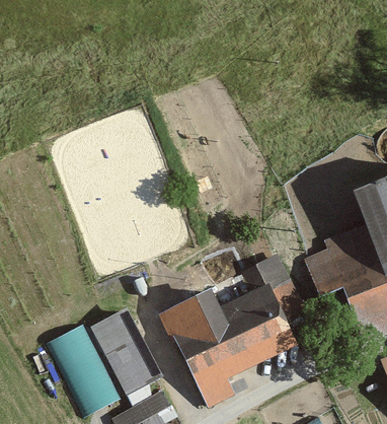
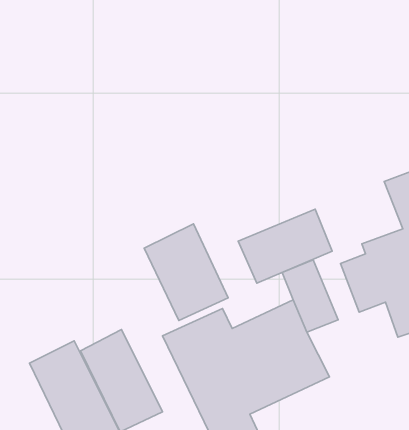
building: none -> [238,209,332,283]
building: none -> [144,224,228,321]

